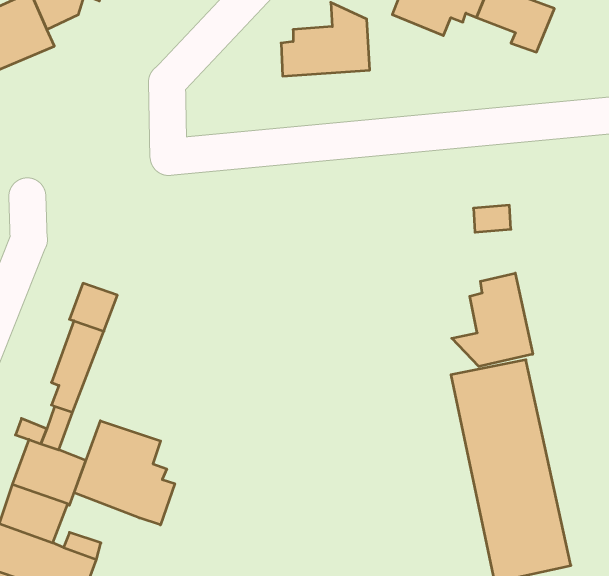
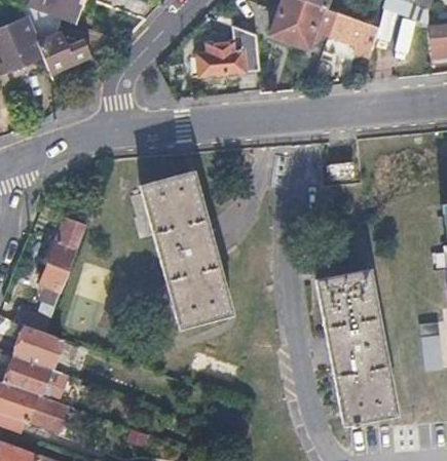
building: none -> [37,33,90,73]
building: none -> [140,174,229,329]
building: [452,273,533,366] -> none
building: [74,421,175,525] -> none

